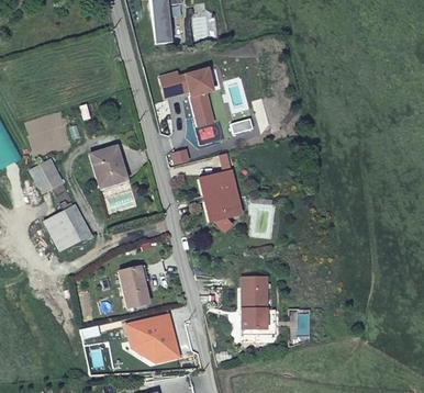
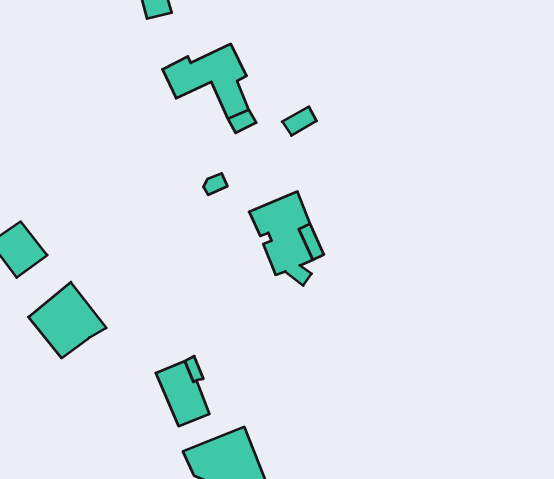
building: [91,147,126,186] -> none
building: [242,277,267,329] -> none

